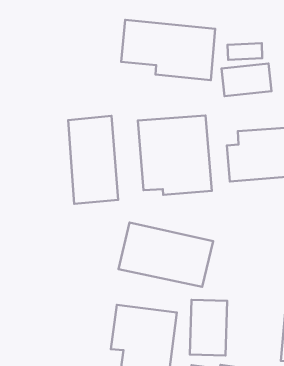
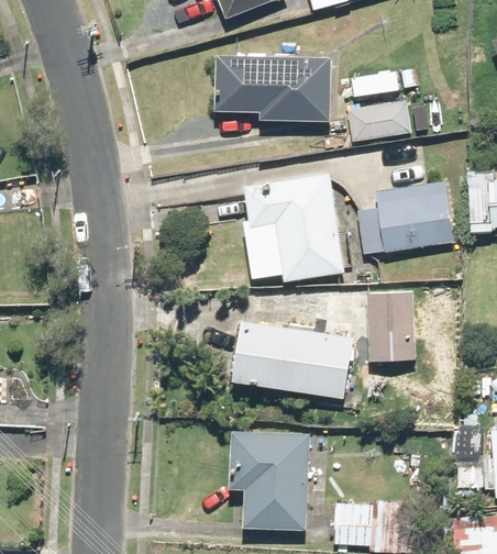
building: [68,116,118,204] -> none
building: [190,300,227,356] -> [366,289,417,364]

